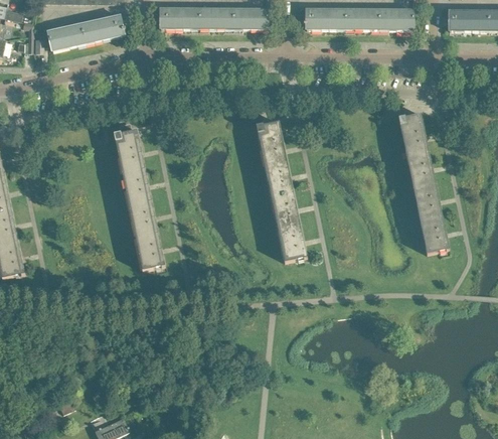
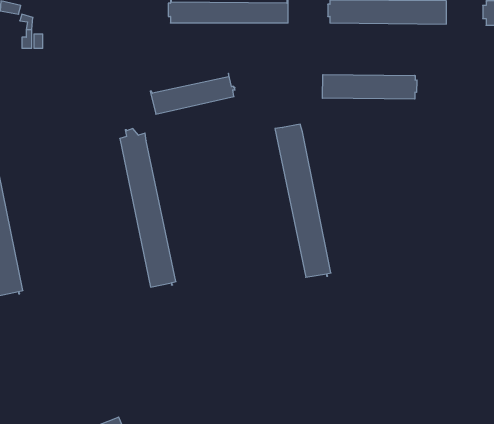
building: [45,12,123,49] -> [150,73,235,114]
building: none -> [322,75,417,99]
building: [396,112,447,252] -> none

